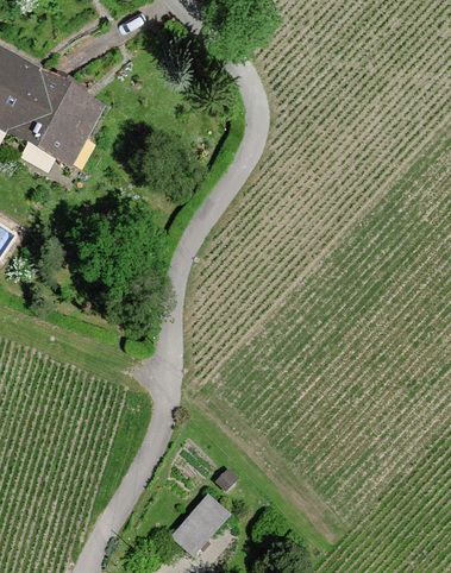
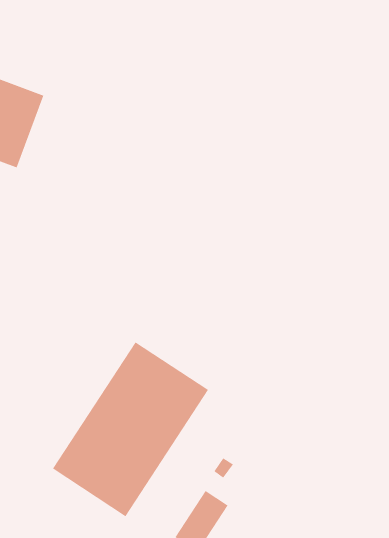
building: none -> [52,341,209,517]

